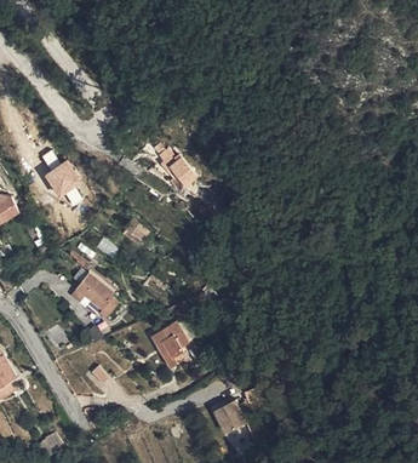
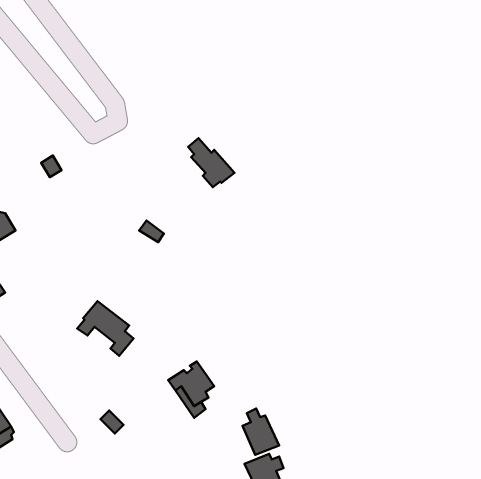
building: [45,161,81,196] -> none
building: none -> [242,408,279,455]

